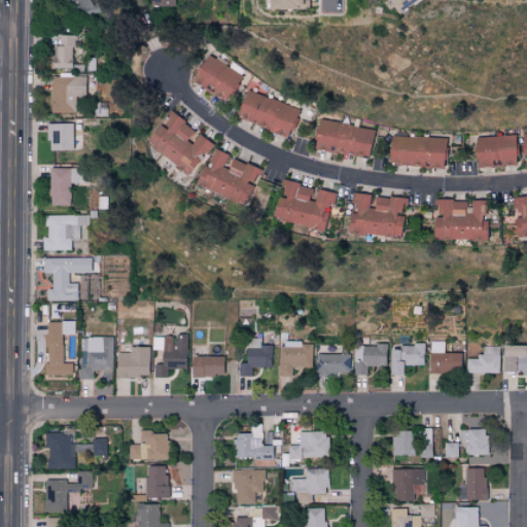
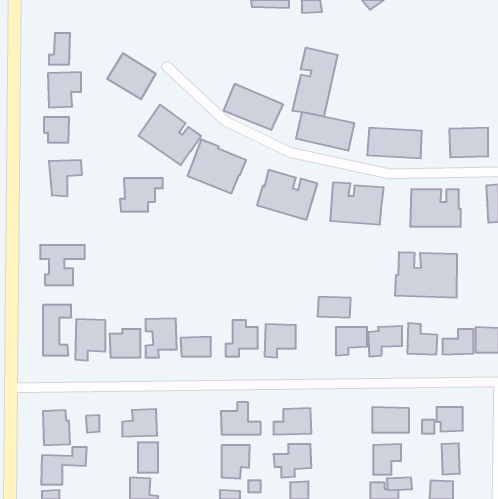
building: none -> [293,48,338,117]
building: [191,54,243,102] -> [107,53,156,99]
building: [43,215,89,250] -> [120,178,163,212]
building: none -> [395,252,457,298]
building: [317,353,352,375] -> [318,297,351,317]

